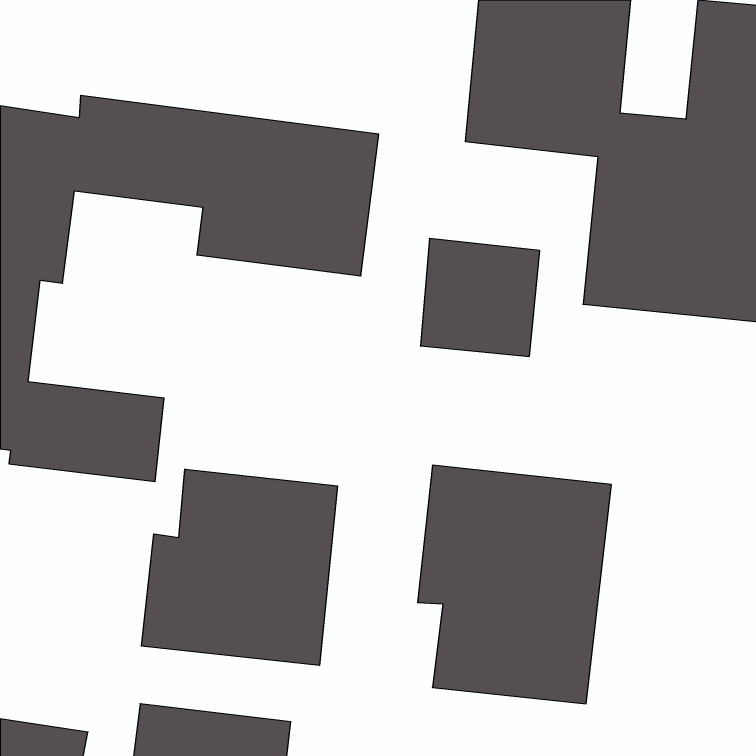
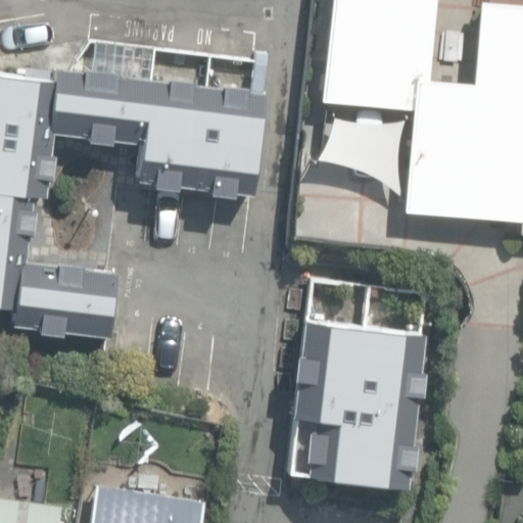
building: [142,469,337,665] -> none

